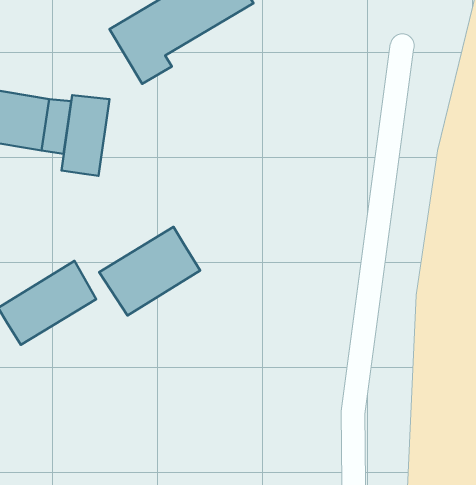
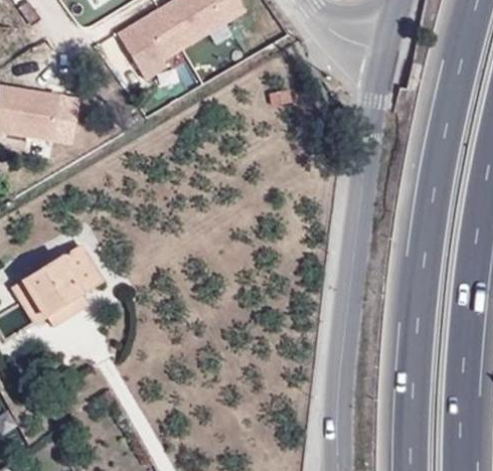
building: [61,95,110,176] -> none
building: [99,227,200,316] -> none

